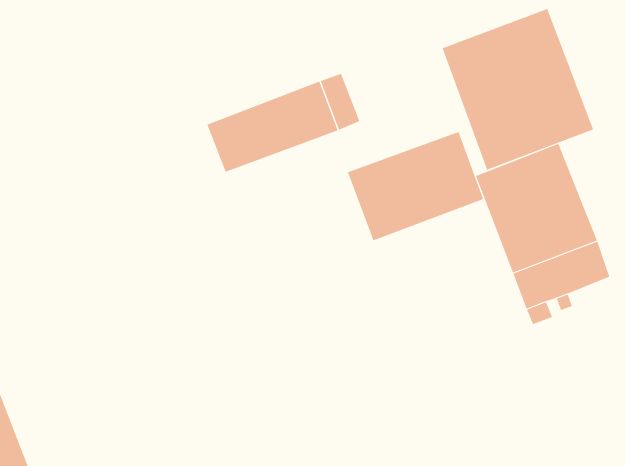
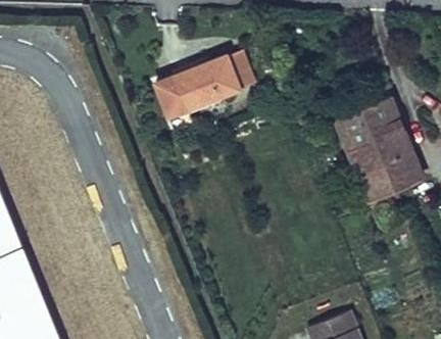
building: [442,8,594,171] -> none
building: [347,131,484,241] -> none

